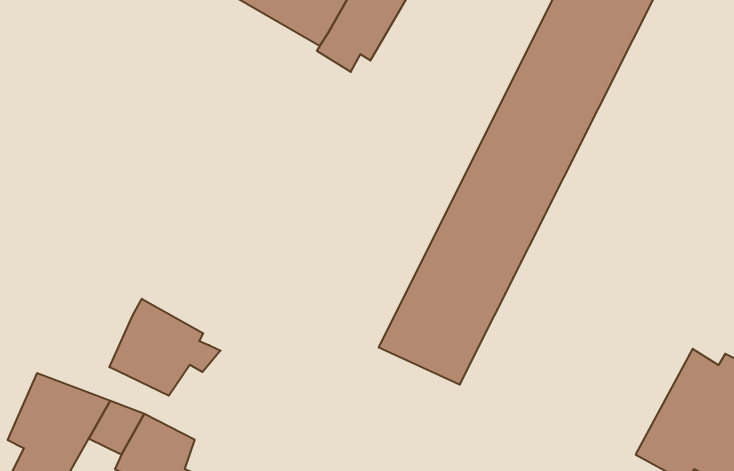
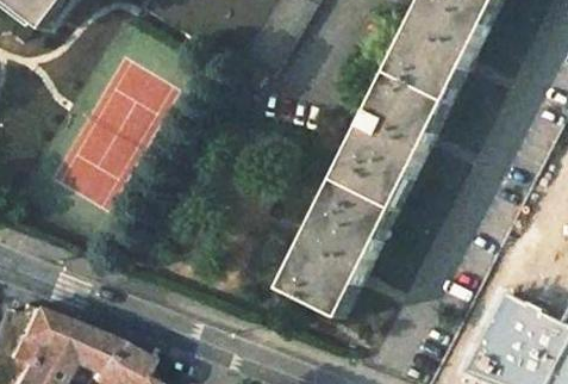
building: [109,299,221,396] -> none

